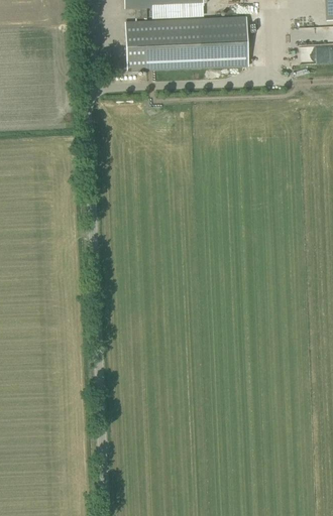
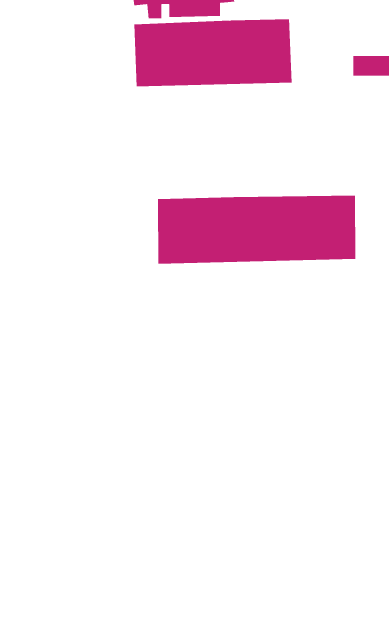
building: none -> [158,195,356,264]

